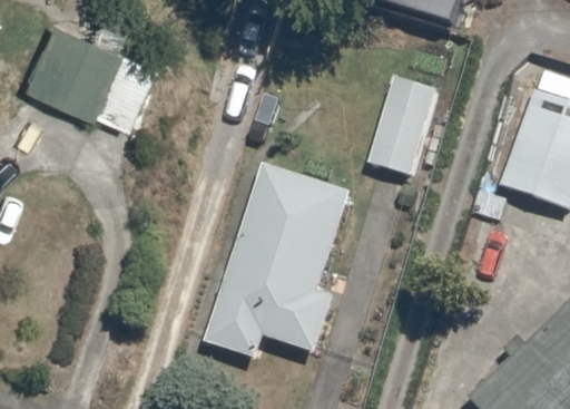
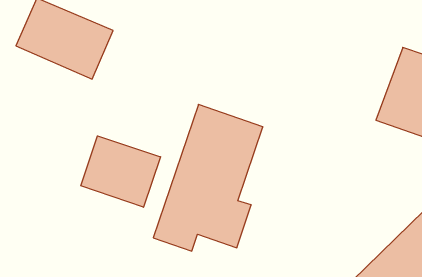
building: [368,76,436,174] -> none
building: none -> [81,136,161,207]

